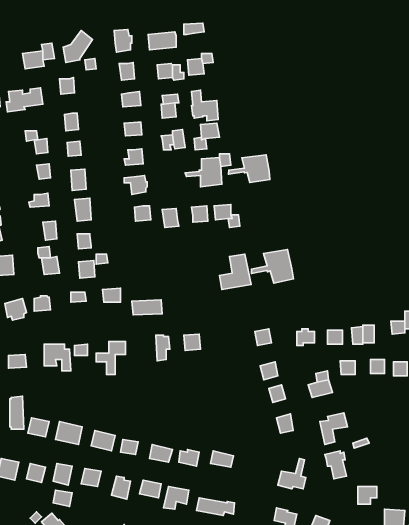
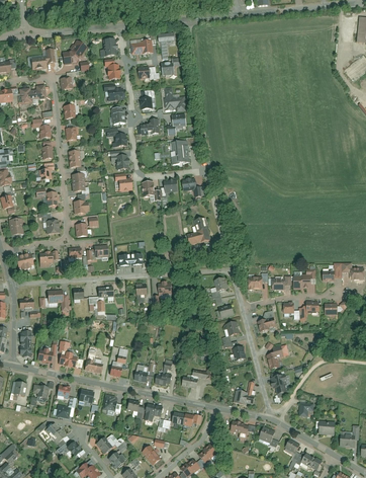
building: [228,155,270,183] -> none
building: [251,249,293,283] -> none

